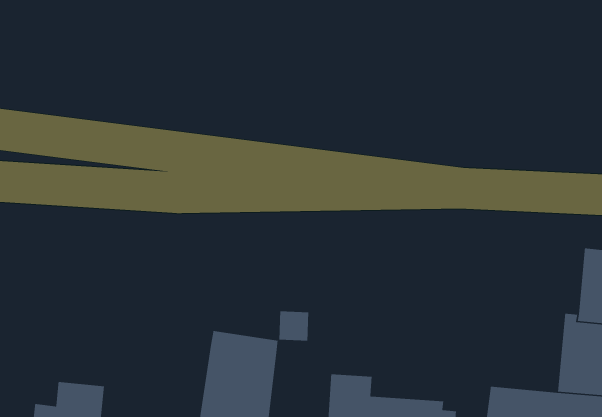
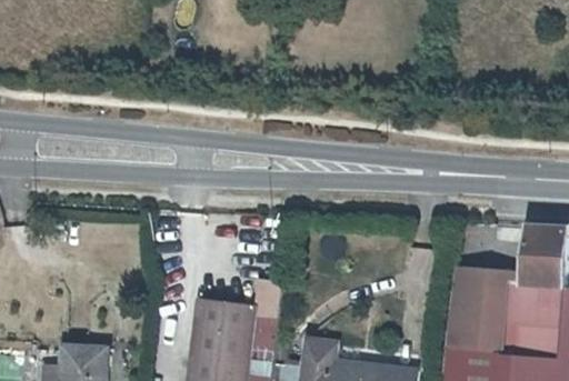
building: none -> [449,265,517,353]

